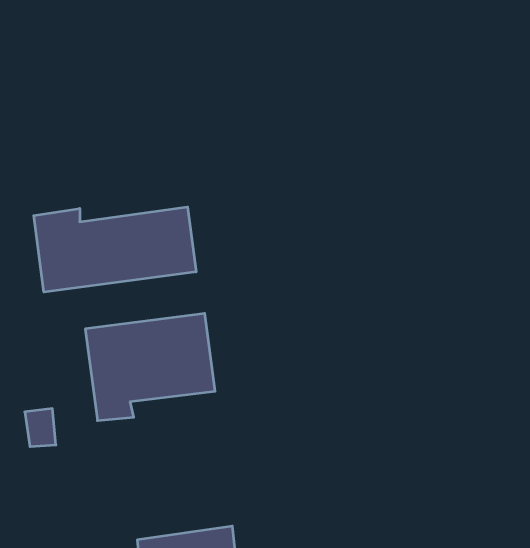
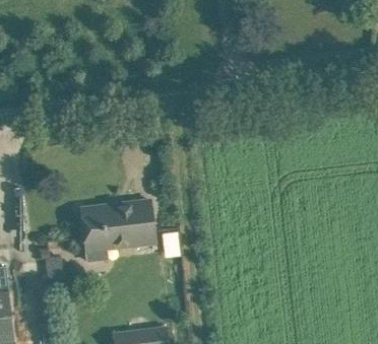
building: [34,207,196,292] -> none

